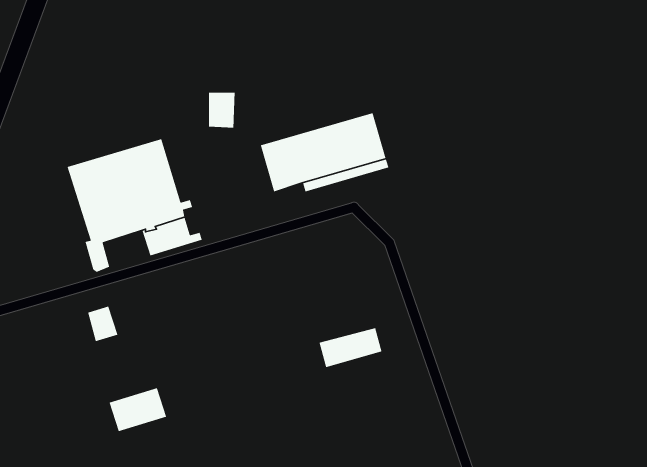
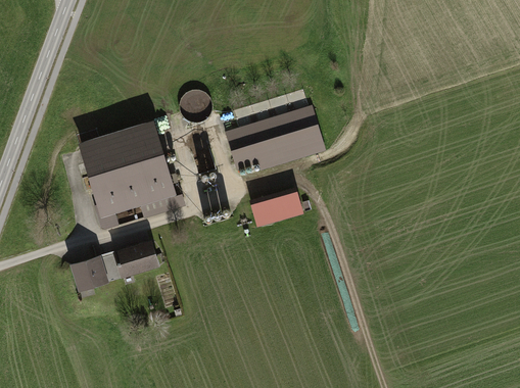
building: none -> [73,257,103,284]
building: [319,327,383,368] -> [251,191,299,222]
building: [109,387,167,432] -> [112,241,156,275]

